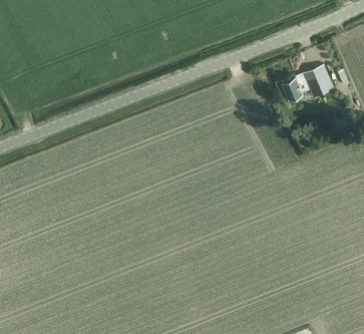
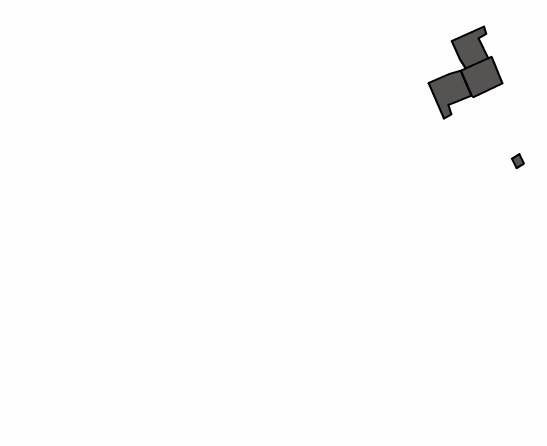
building: none -> [452,26,488,69]

